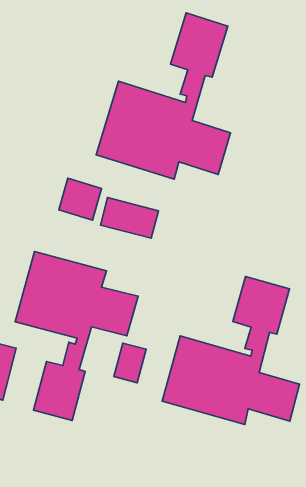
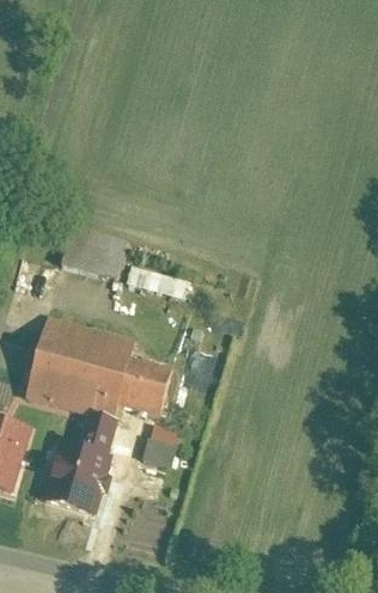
building: [96,13,230,179] -> none
building: [162,276,300,424] -> none

